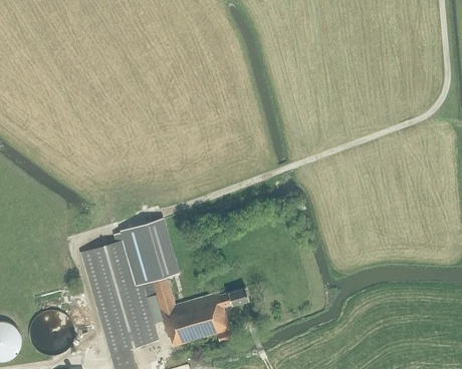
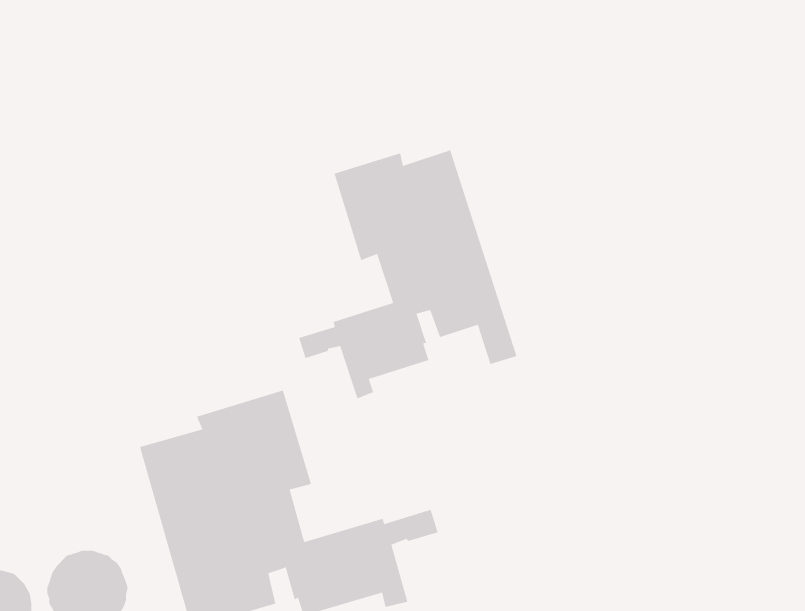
building: none -> [299,149,517,399]

